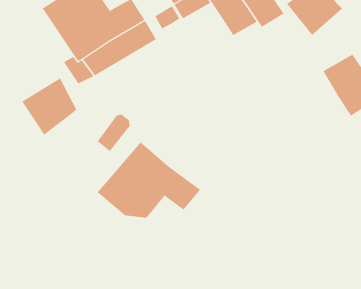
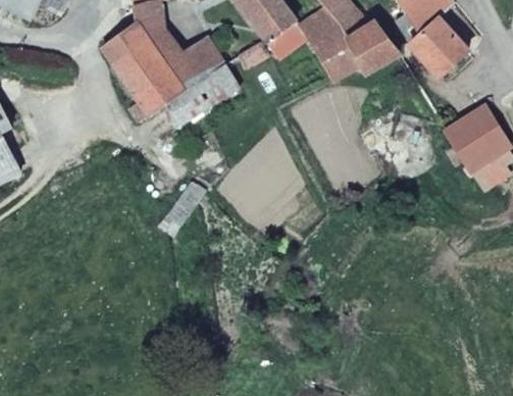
building: [21,78,77,135] -> none
building: [97,142,201,218] -> none

